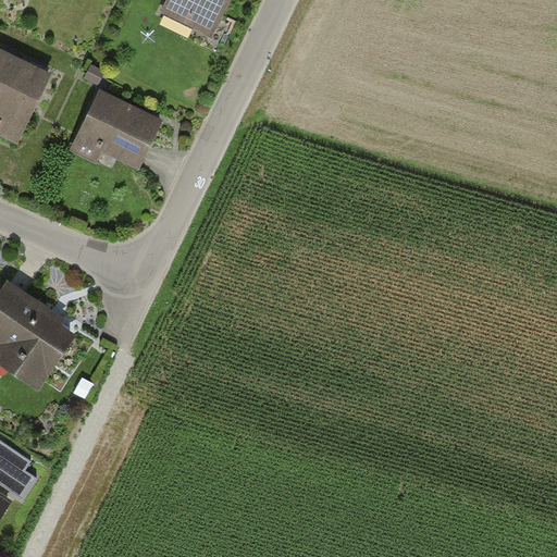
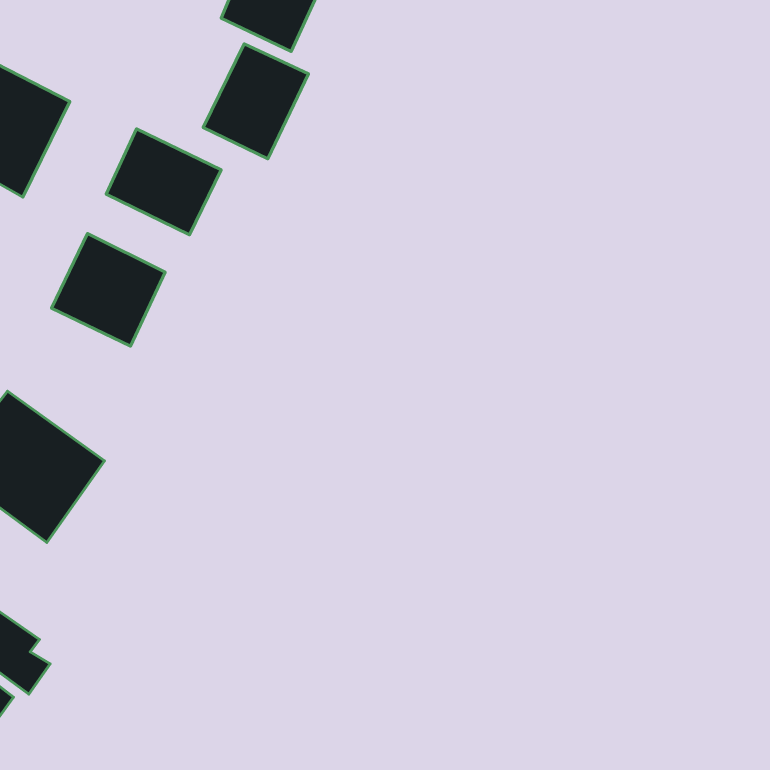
building: none -> [203,44,308,159]
building: none -> [51,234,165,346]

